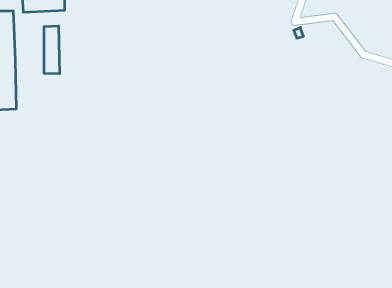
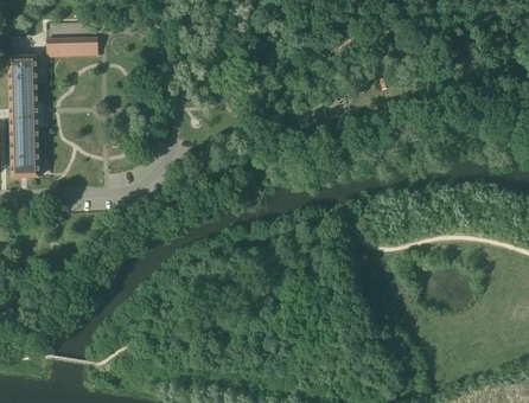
building: [44,26,60,74] -> none

